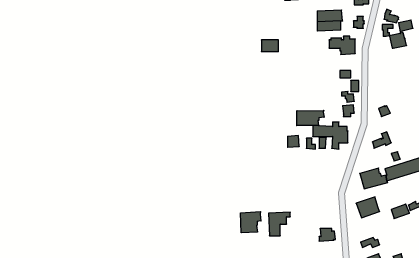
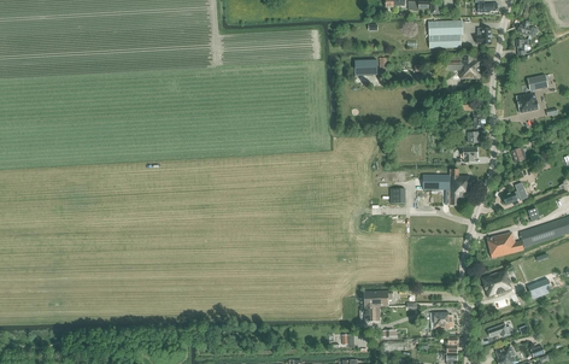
building: [389,20,413,48] -> [516,75,547,112]
building: [297,110,324,126] -> none
building: [241,212,261,233] -> none

